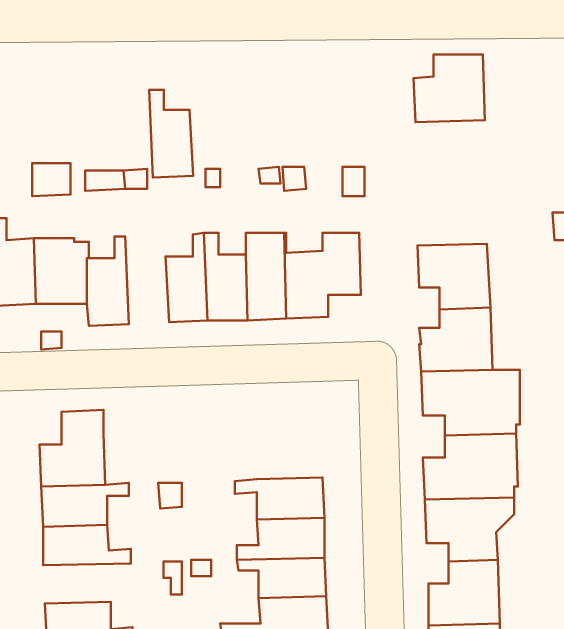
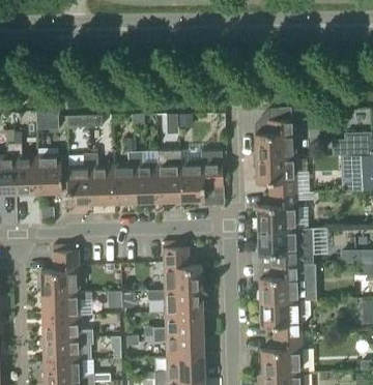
building: [414,54,485,122] -> [254,120,294,158]
building: [149,90,193,178] -> [89,153,114,203]
building: none -> [162,248,201,291]
building: none -> [42,338,92,361]

